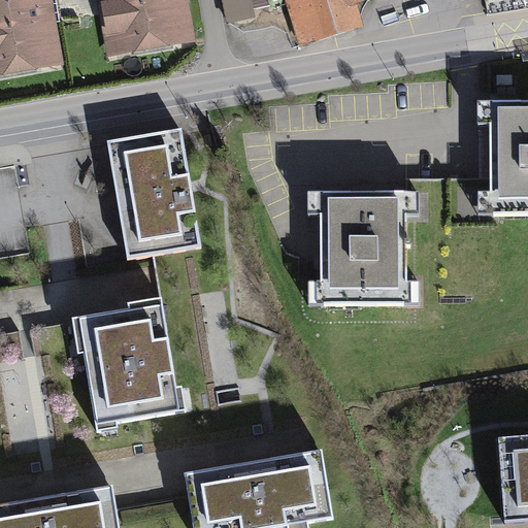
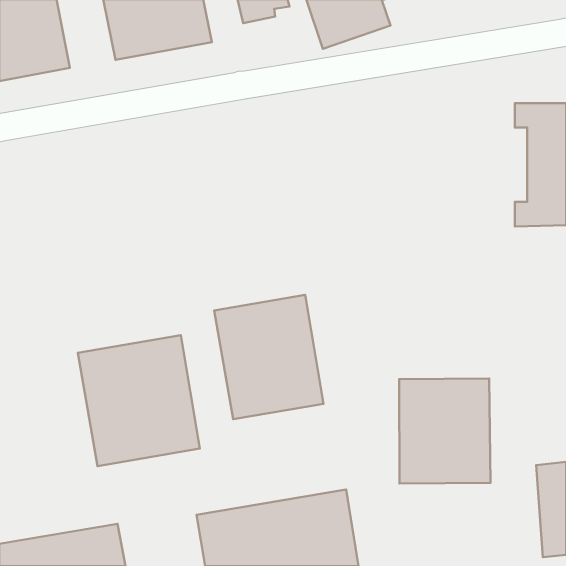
building: [107,133,202,262] -> none
building: [307,186,420,305] -> none
building: none -> [214,295,324,419]
building: none -> [399,378,491,484]

